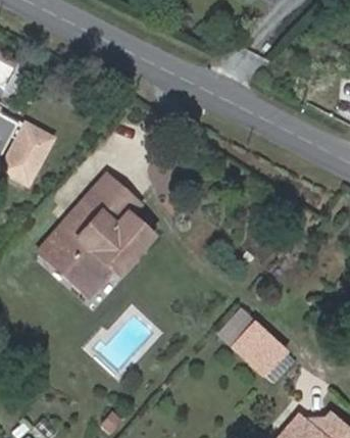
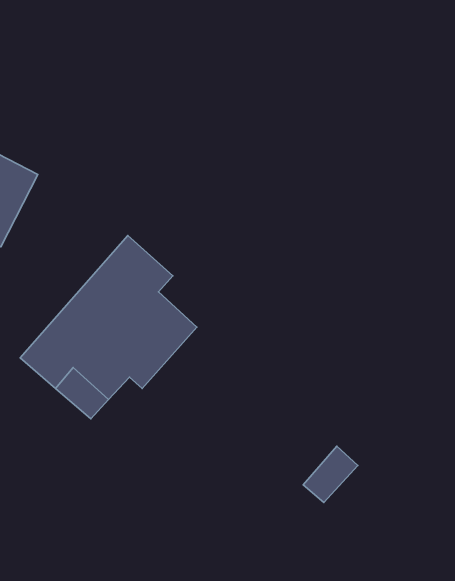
building: [234,323,286,374] -> none

